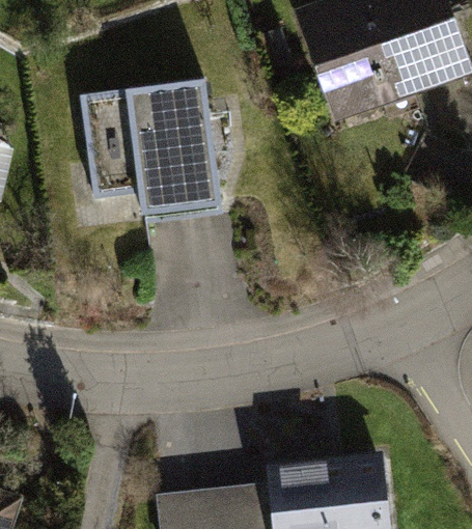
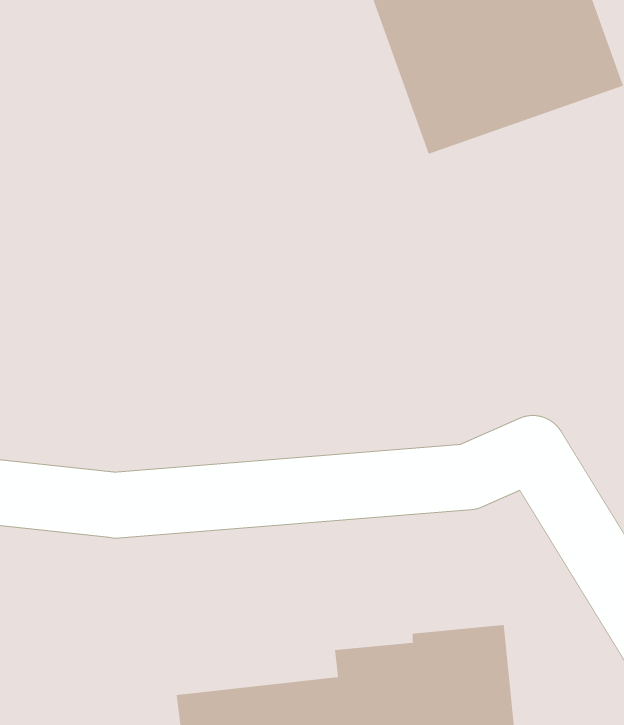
building: [80,81,221,220] -> none

